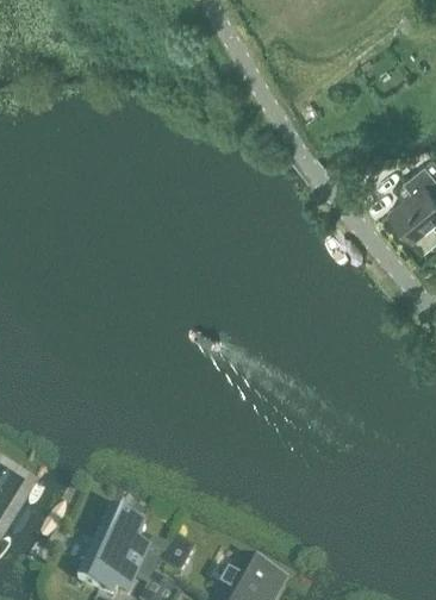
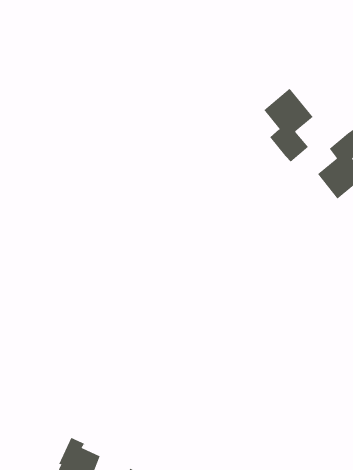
building: none -> [264,88,313,163]

